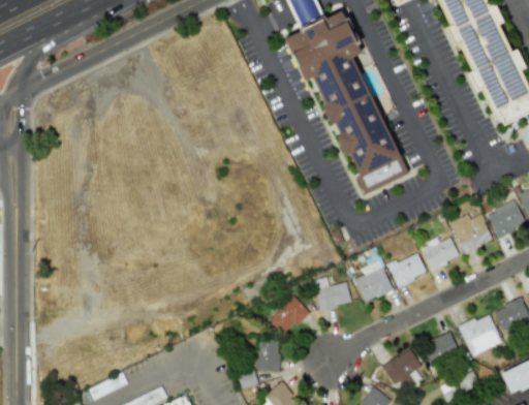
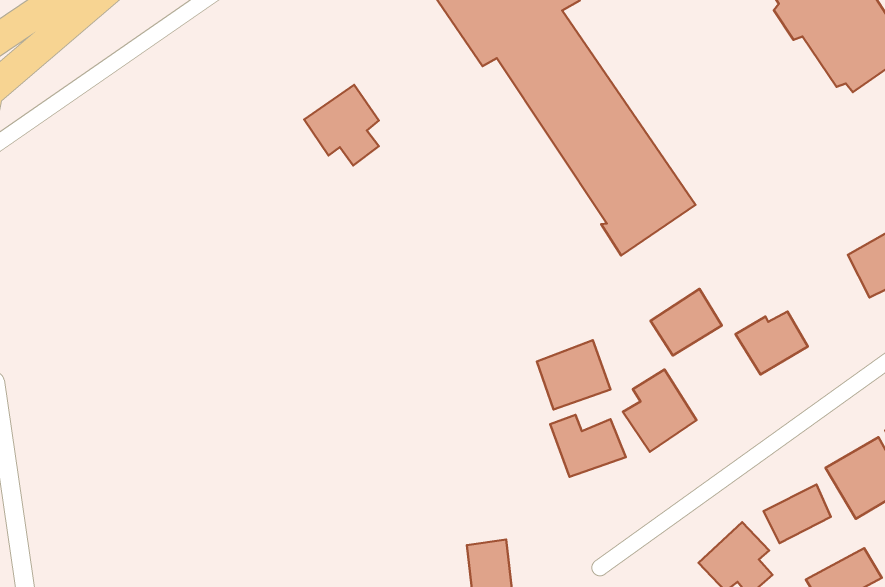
building: none -> [304,85,379,166]
building: [449,214,493,254] -> none
building: none -> [537,340,611,410]
building: [388,252,427,286] -> [651,289,722,356]
building: [269,295,309,336] -> none

